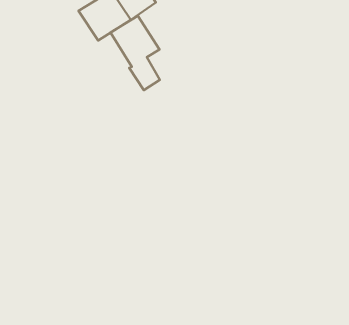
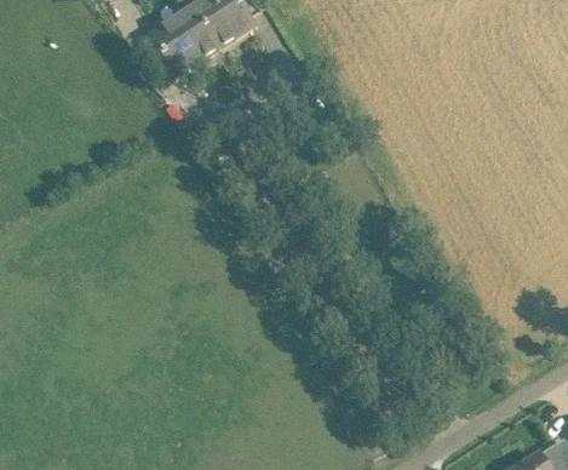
building: [111,16,160,90] -> none

